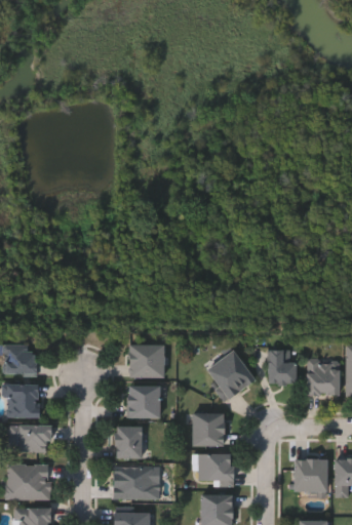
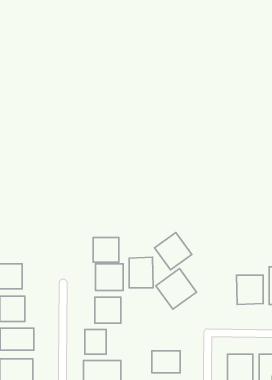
building: none -> [155,232,192,270]
building: none -> [93,237,119,262]
building: none -> [129,257,153,288]
building: [269,351,296,385] -> none
building: [192,413,225,447] -> none

